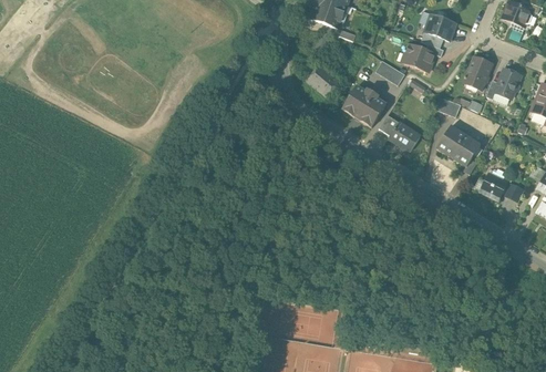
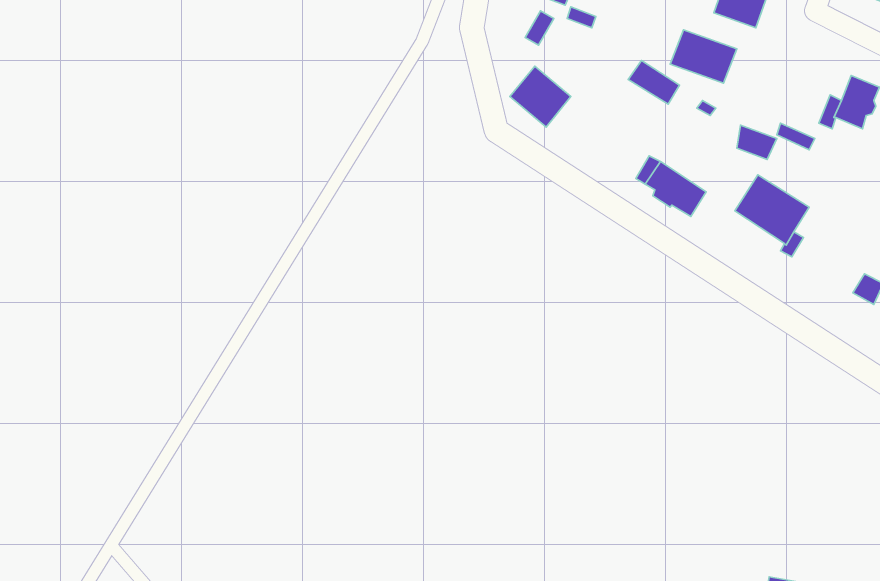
building: [463,56,492,91] -> none
building: [342,85,385,127] -> none
building: [480,168,507,199] -> none

